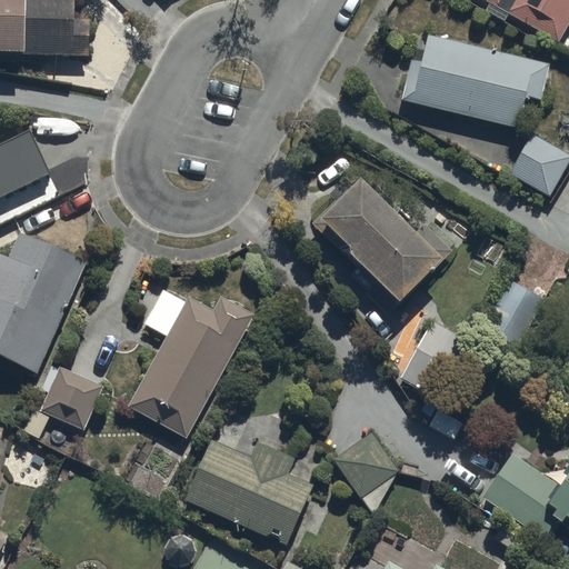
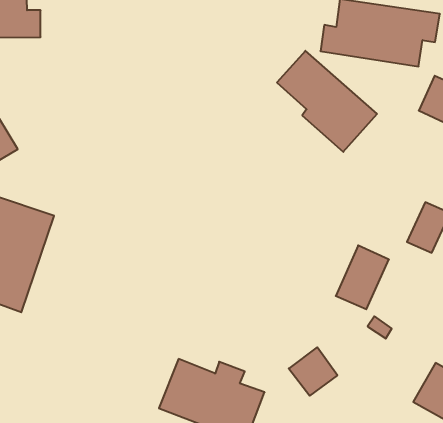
building: [327,181,440,301] -> [277,51,377,152]
building: [132,300,250,435] -> none
building: [43,373,96,428] -> none

